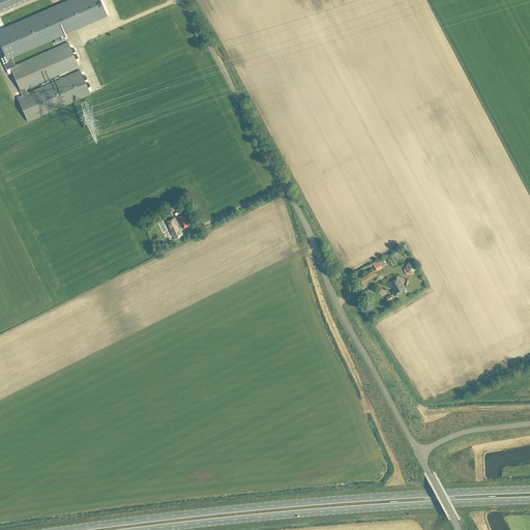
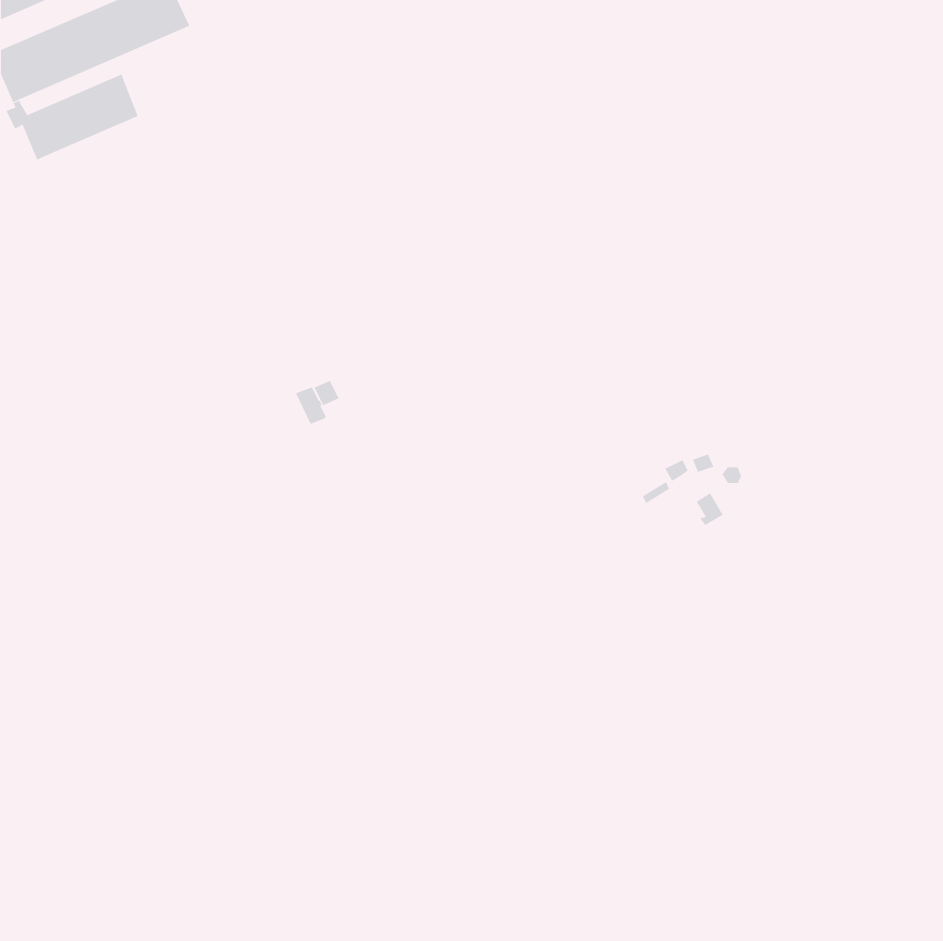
building: [18,69,90,120] -> none

